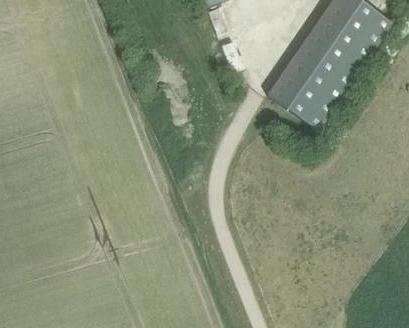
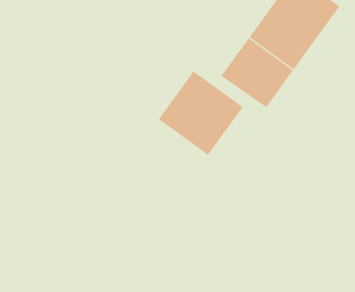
building: none -> [158,71,243,156]

